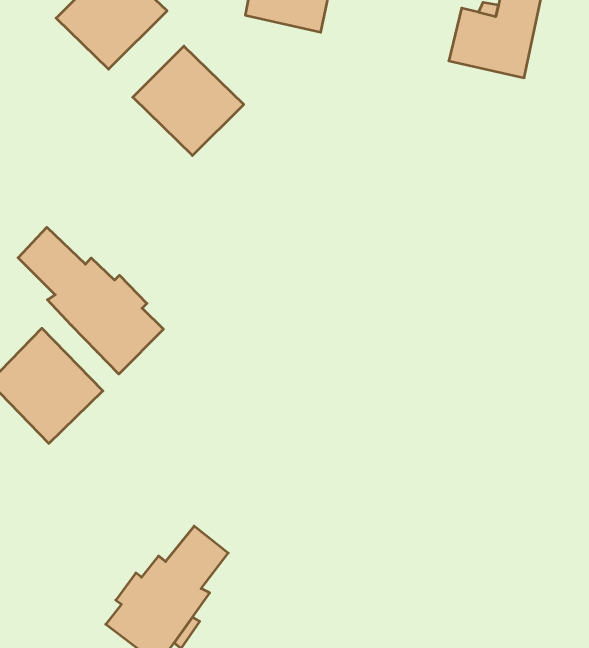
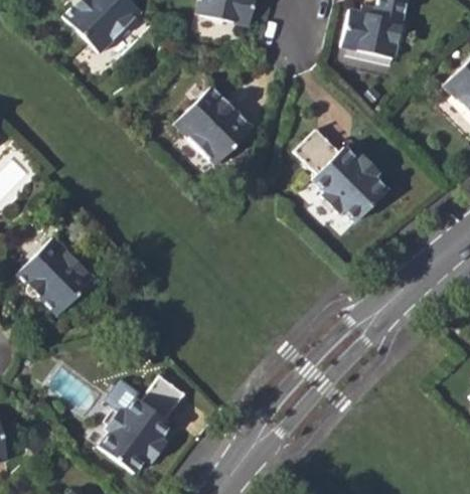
building: [133,46,244,156] -> [175,87,254,164]
building: none -> [295,128,388,220]
building: [18,227,163,374] -> none

